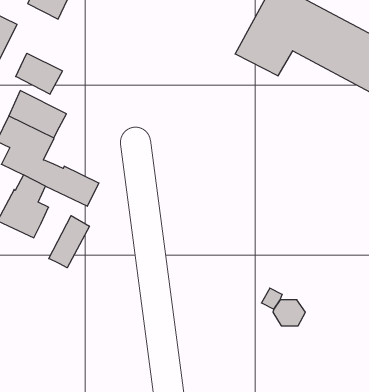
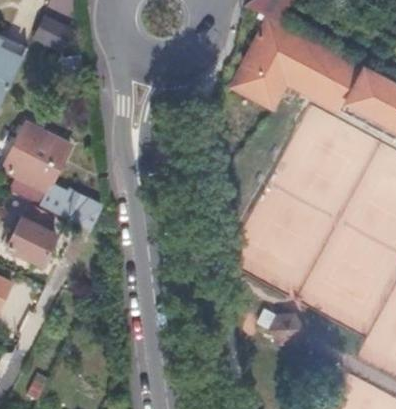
building: [16,53,62,94] -> none
building: [49,216,89,268] -> none

